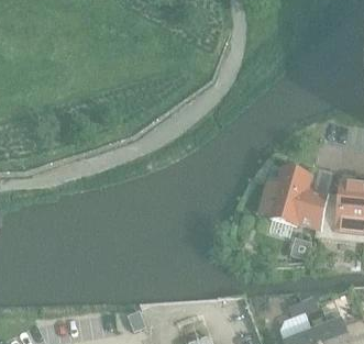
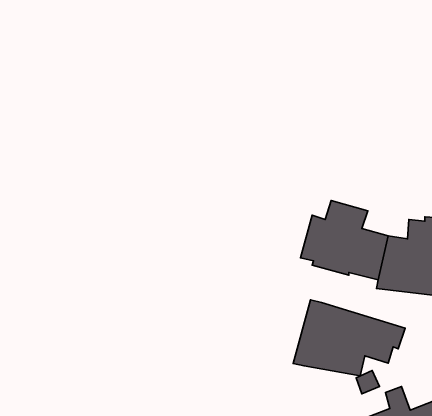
building: none -> [293,300,405,376]

